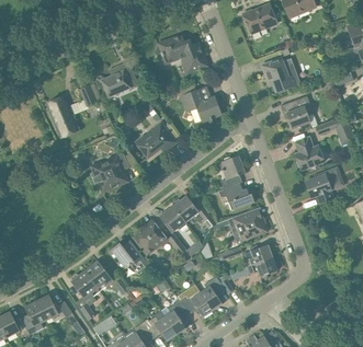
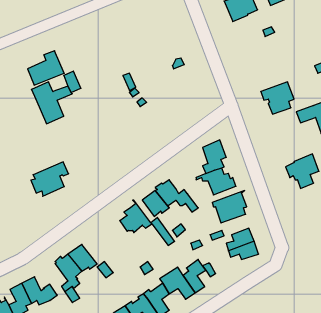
building: [160,36,205,71] -> none
building: [261,57,297,92] -> none
building: [101,61,138,96] -> [28,51,64,85]
building: [182,89,222,137] -> none
building: [136,123,175,158] -> none
building: [295,136,324,170] -> none
building: [91,154,129,189] -> [31,162,69,196]
building: [109,240,149,274] -> none

